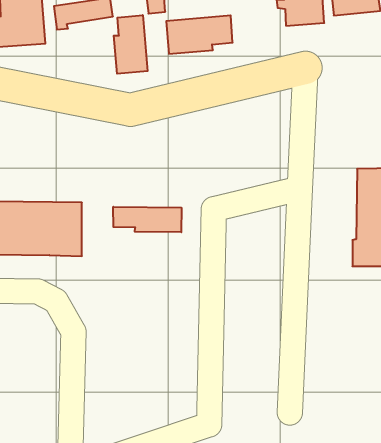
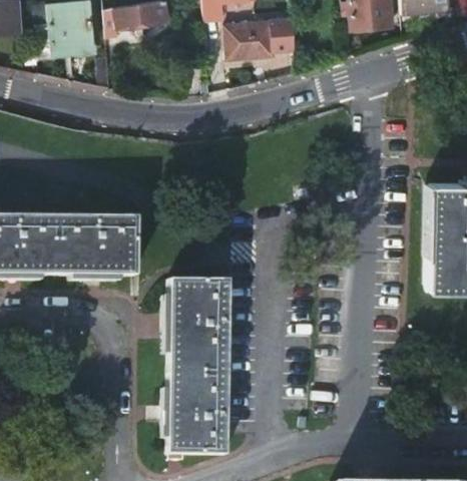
building: [114,15,148,74] -> none
building: [113,207,181,232] -> none
building: none -> [170,280,228,452]

